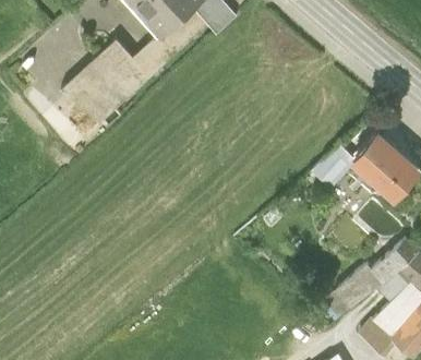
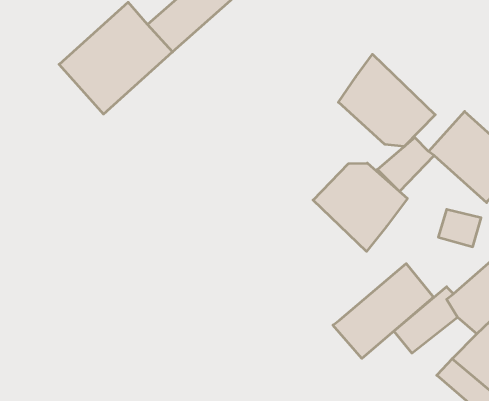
building: none -> [338,54,435,147]
building: none -> [313,163,407,251]
building: none -> [333,264,434,358]

